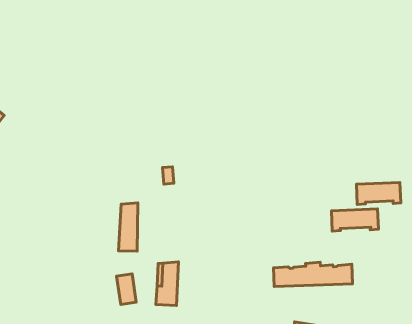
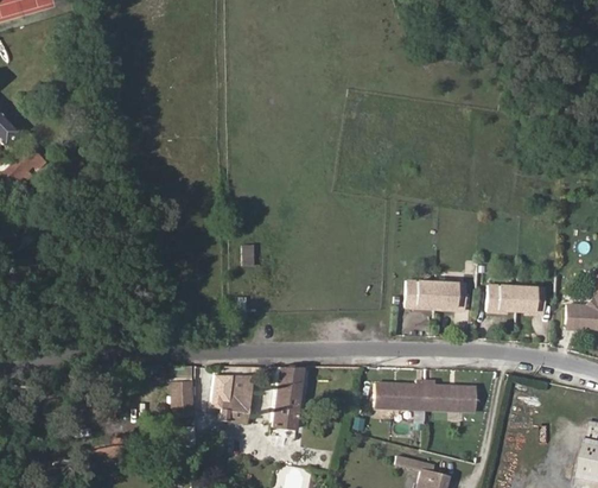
building: [119,203,138,251] -> [271,366,300,427]
building: [331,209,378,231] -> [406,280,466,309]

